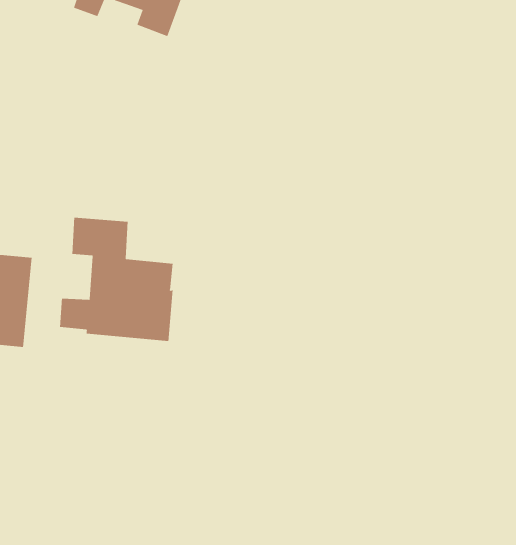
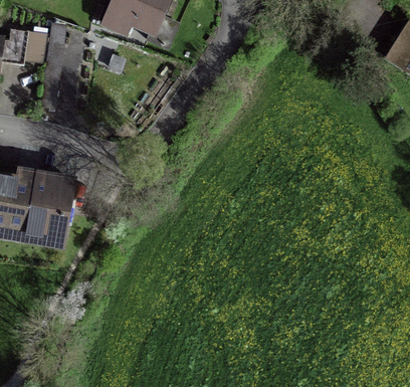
building: [60,217,173,342] -> none

